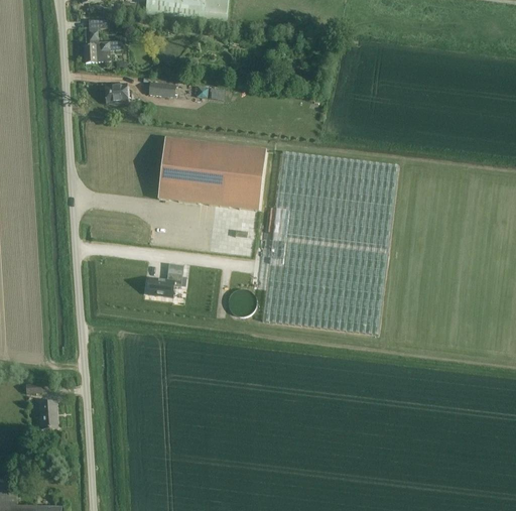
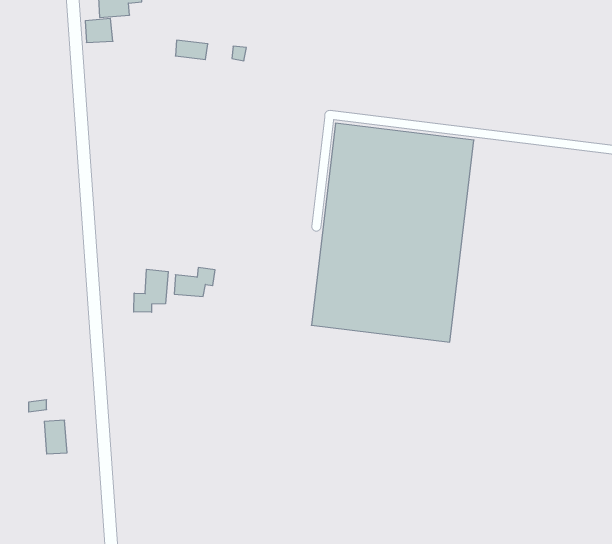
building: [103,82,126,102] -> [85,18,113,42]
building: [156,136,265,210] -> none
building: none -> [134,269,168,312]

